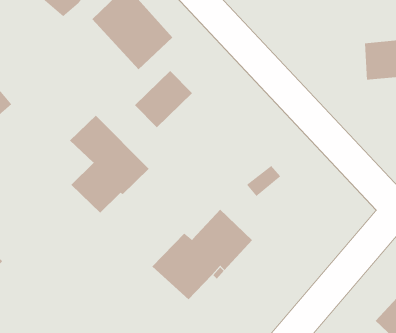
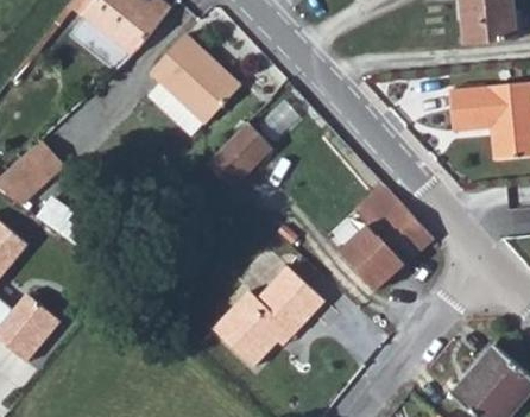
building: [69,115,150,214] -> none
building: none -> [354,182,436,292]

